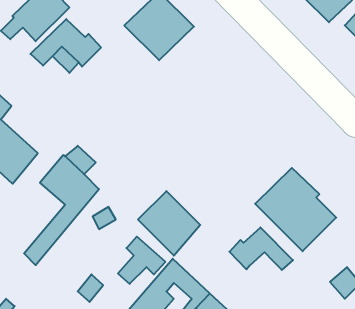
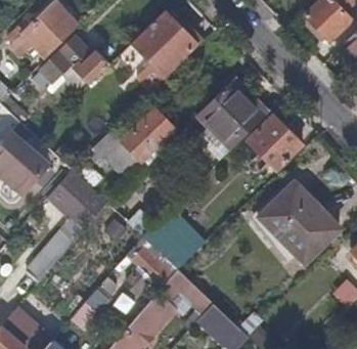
building: none -> [195,83,263,150]
building: none -> [106,110,175,177]
building: none -> [247,116,300,170]
building: [229,227,293,270] -> none

